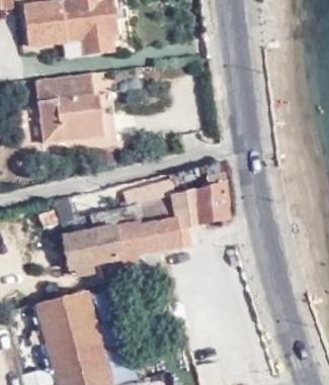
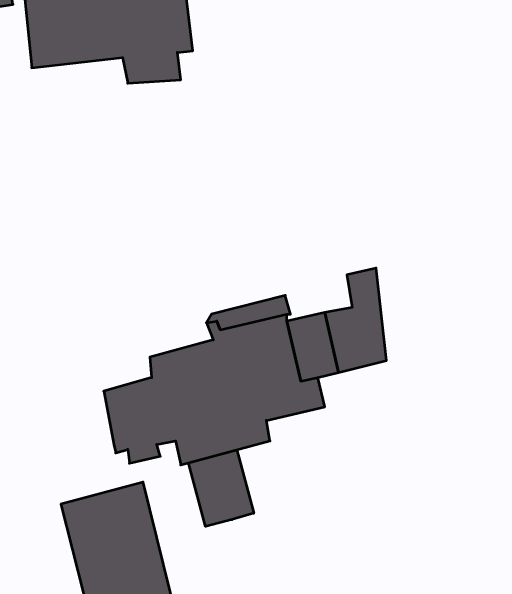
building: [39,74,105,143] -> none
building: none -> [188,450,254,526]

